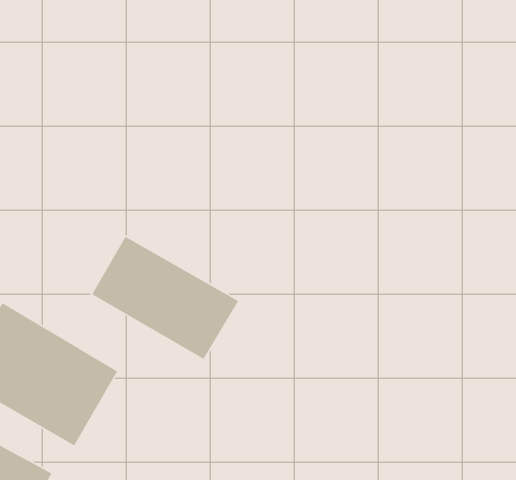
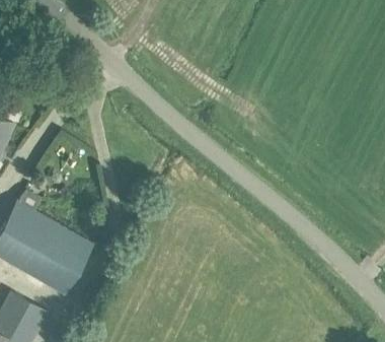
building: [91,236,239,360] -> none

